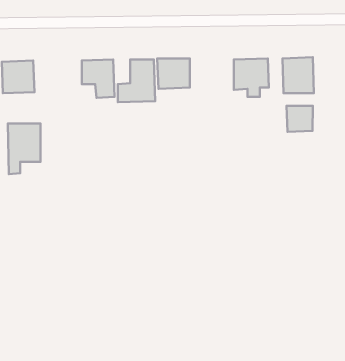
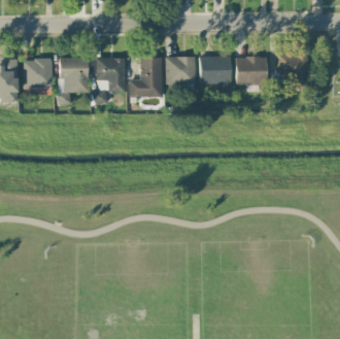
building: none -> [199,55,232,94]
building: [287,106,313,132] -> none
building: [8,124,40,174] -> [59,57,89,103]

